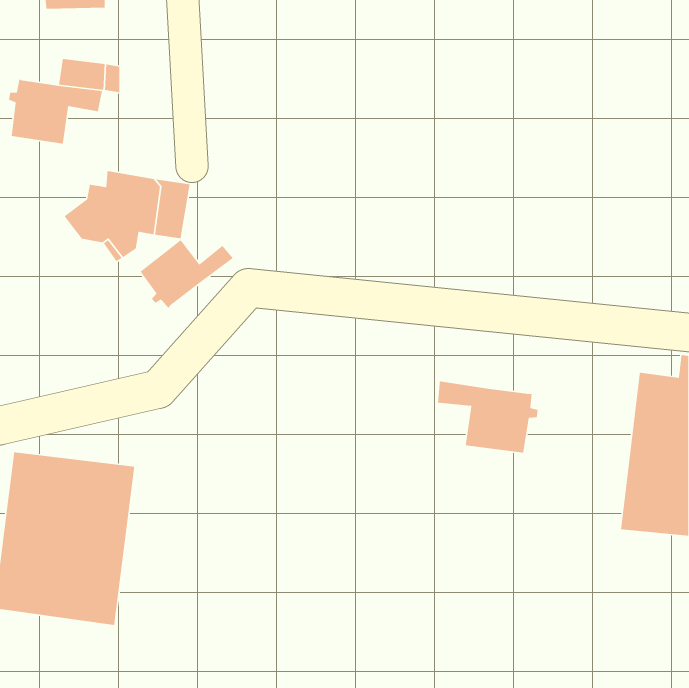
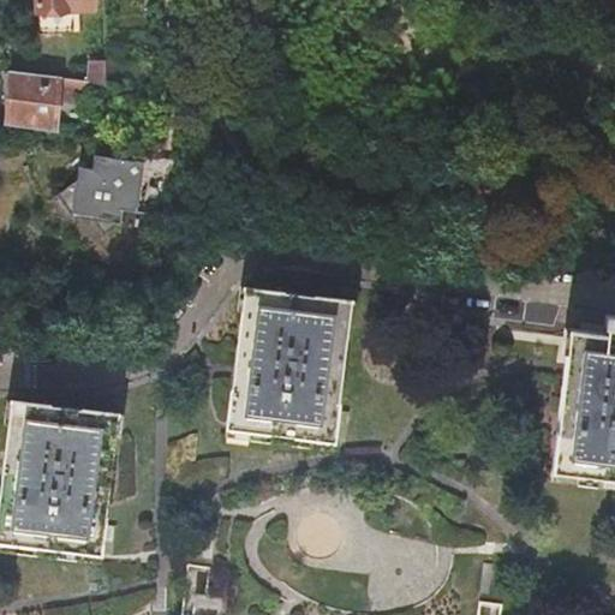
building: [140,239,234,309] -> none
building: none -> [227,288,352,442]
building: [437,380,539,453] -> none

